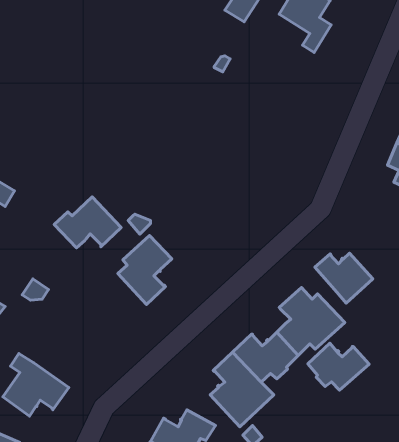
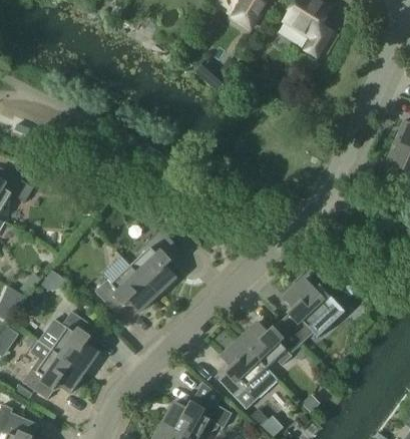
building: [54,197,121,248] -> [94,266,157,314]
building: [315,253,373,303] -> none
building: none -> [51,312,98,373]
building: [308,343,369,390] -> none

